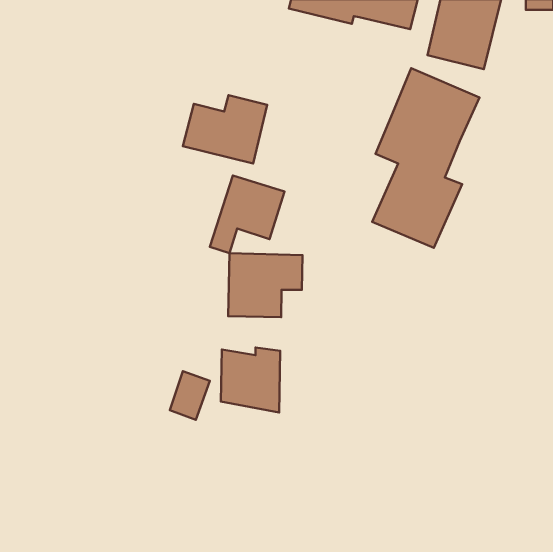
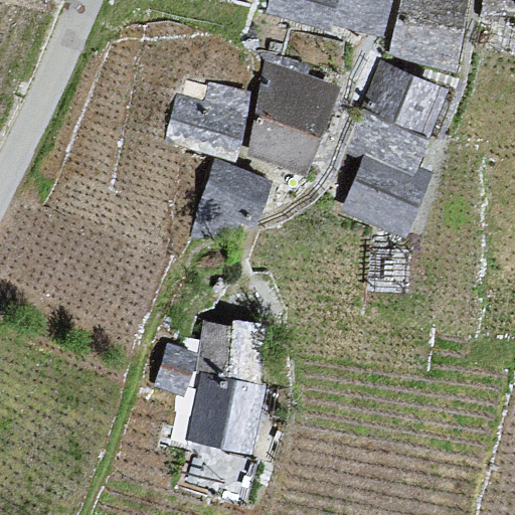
building: none -> [249,68,335,169]
building: [228,253,303,317] -> none
building: none -> [193,373,260,448]

